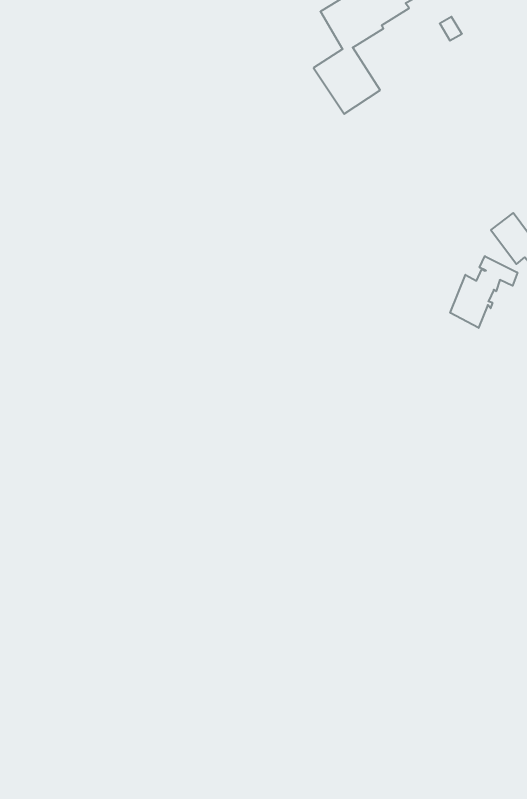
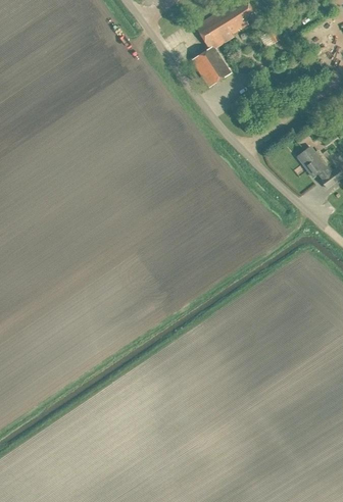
building: [450,256,517,328] -> none

